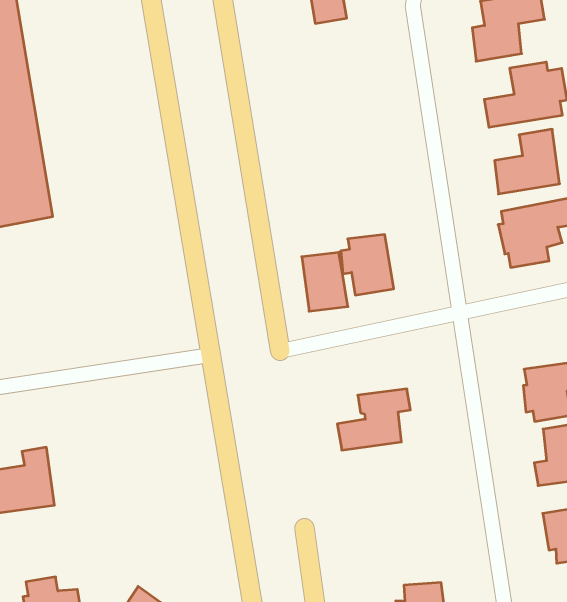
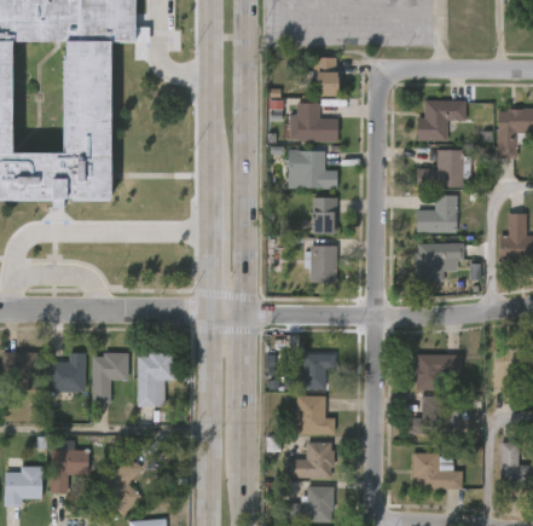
building: none -> [286,103,336,143]
building: none -> [285,151,335,190]
building: [302,252,348,311] -> [308,198,335,237]
building: none -> [135,352,170,406]
building: none -> [89,352,126,403]
building: none -> [294,394,332,433]
building: none -> [283,441,332,480]

